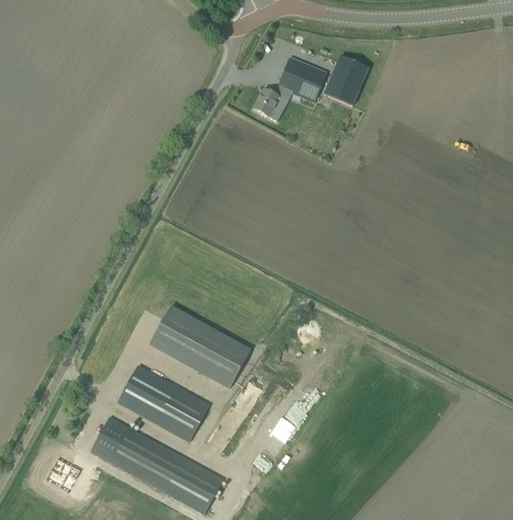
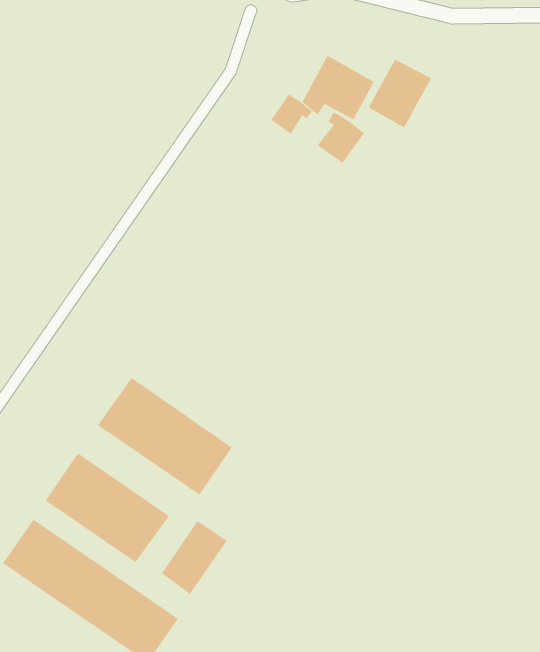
building: none -> [317,112,365,164]
building: none -> [161,520,227,595]

